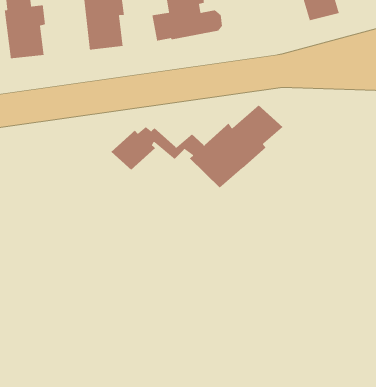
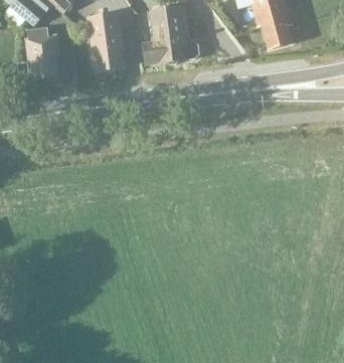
building: [110,105,283,189] -> none

